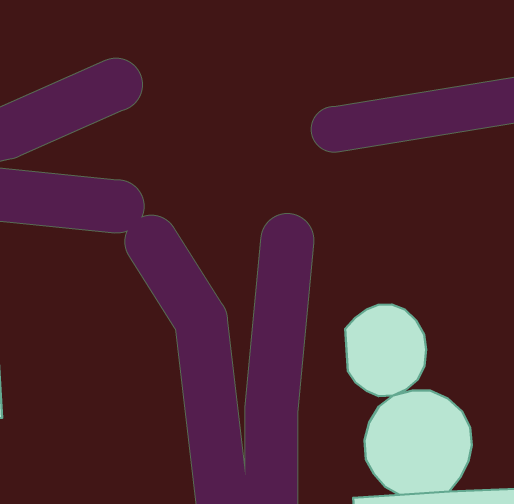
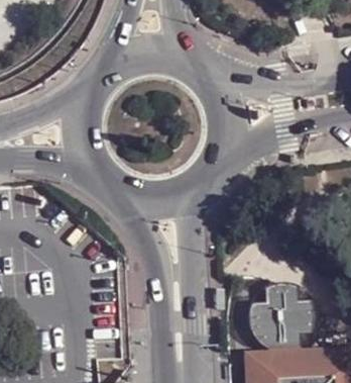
building: [345,304,426,396] -> none

